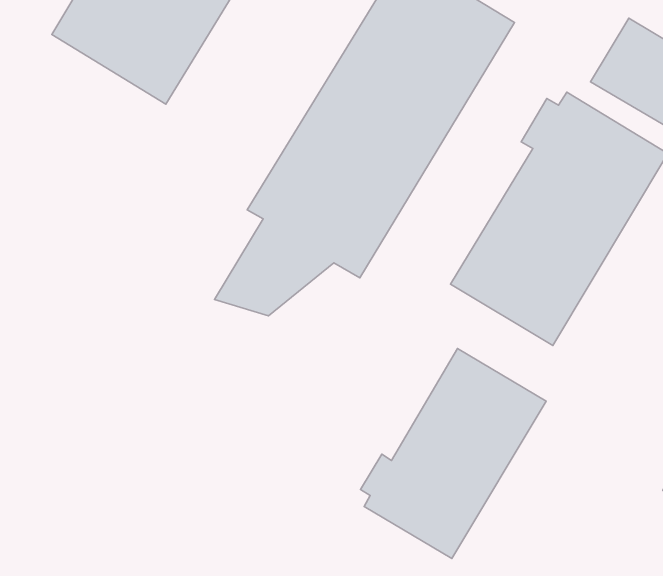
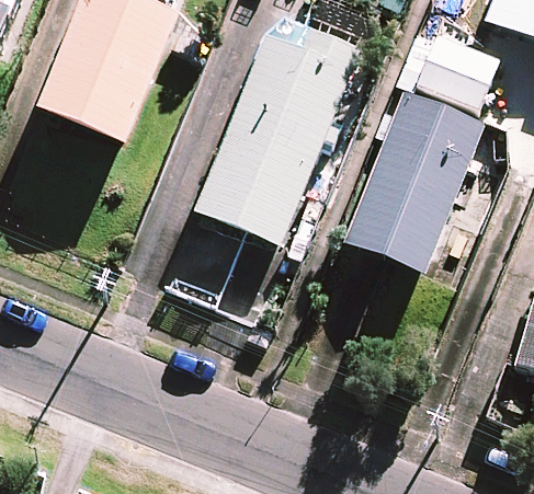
building: [361,348,546,558] -> none

